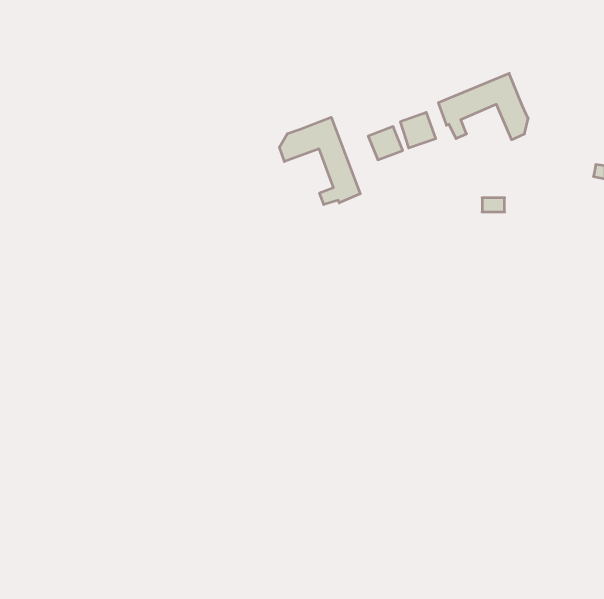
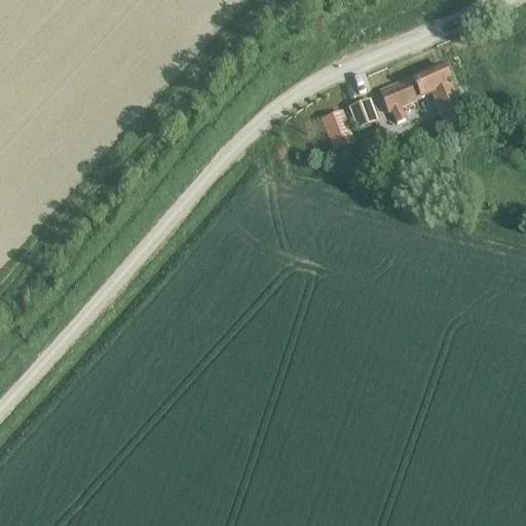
building: [279,117,360,205] -> none

